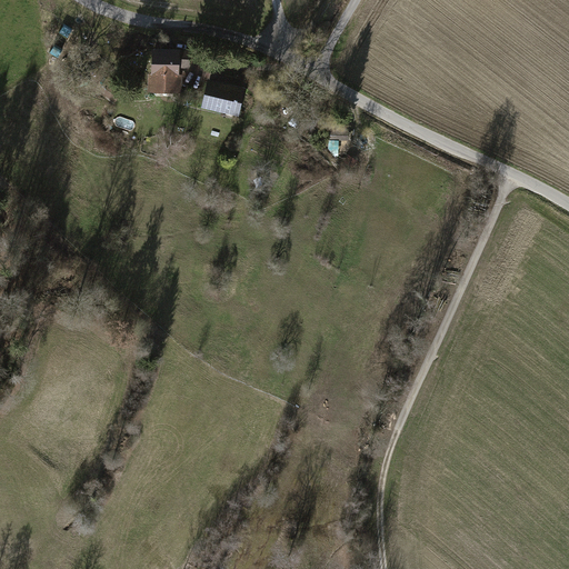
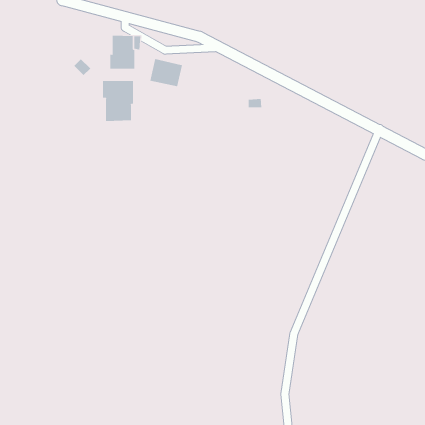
building: none -> [103,80,133,122]

